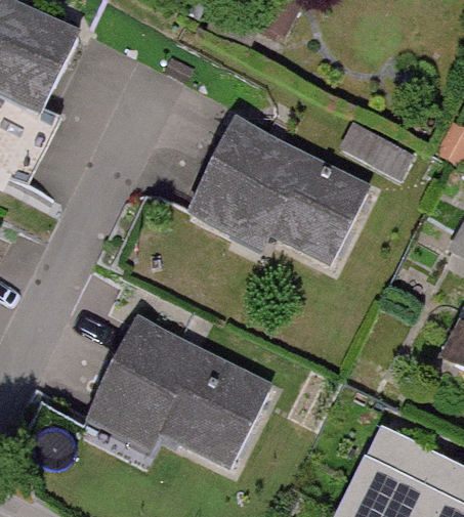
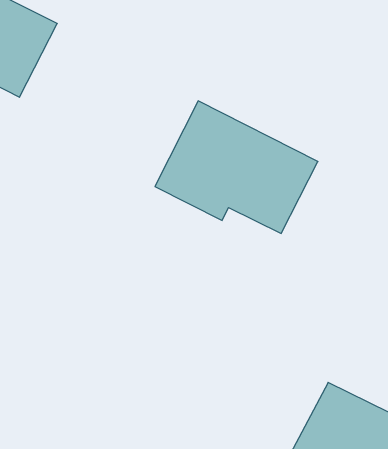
building: [86,316,272,470] -> none

